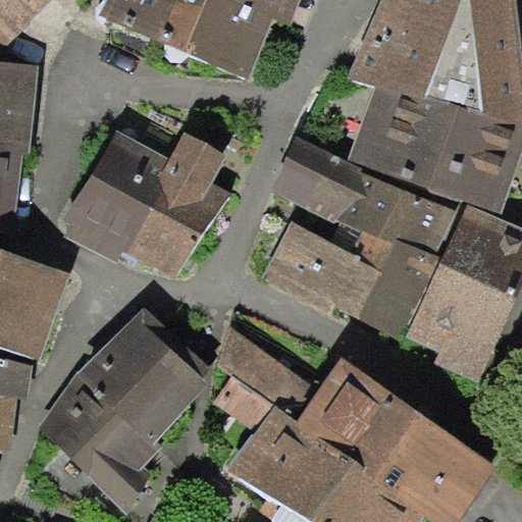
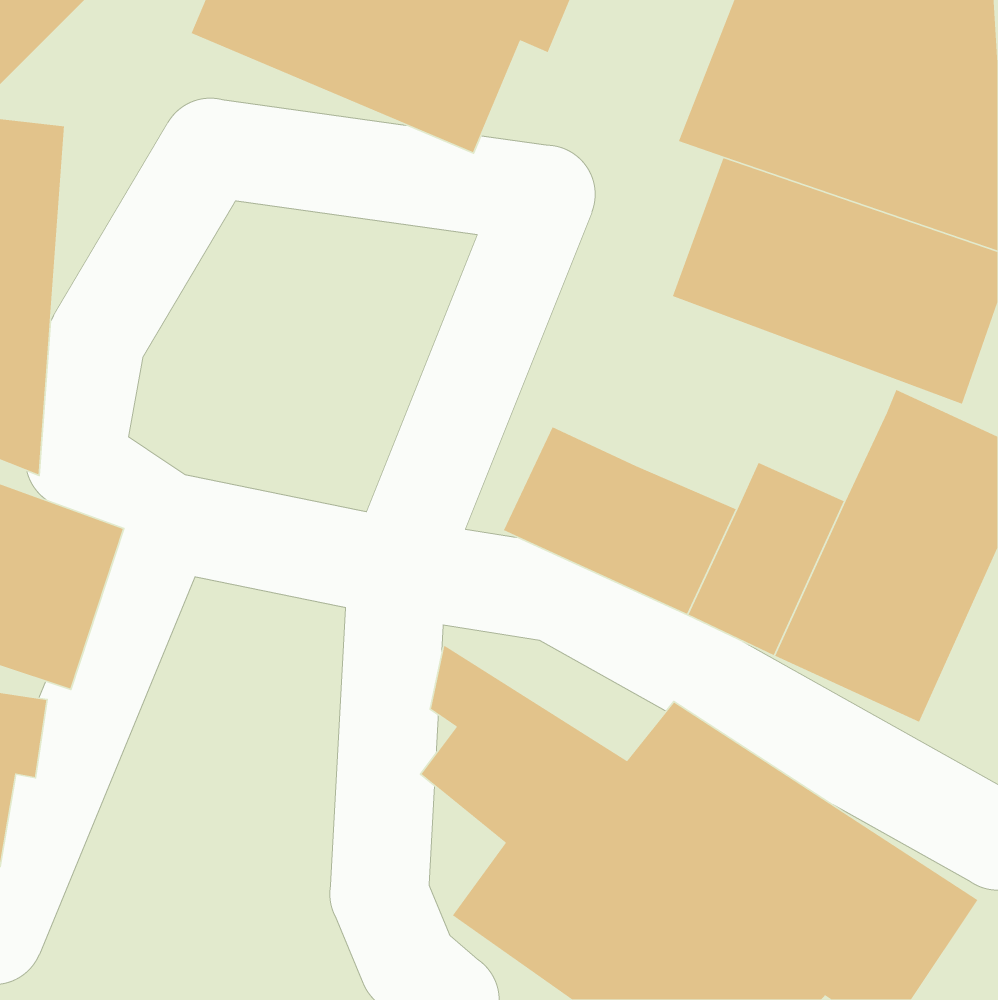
building: [71,130,233,282] -> none
building: [276,140,460,264] -> none
building: [37,318,199,513] -> none

